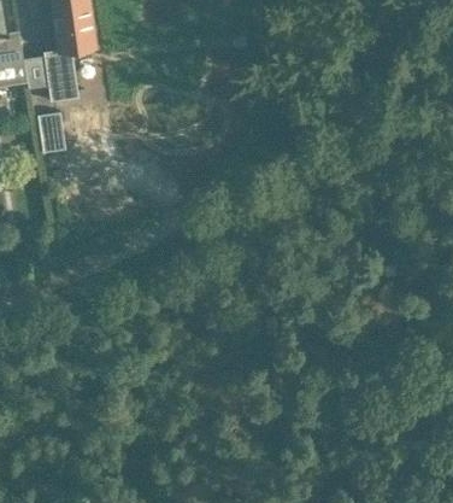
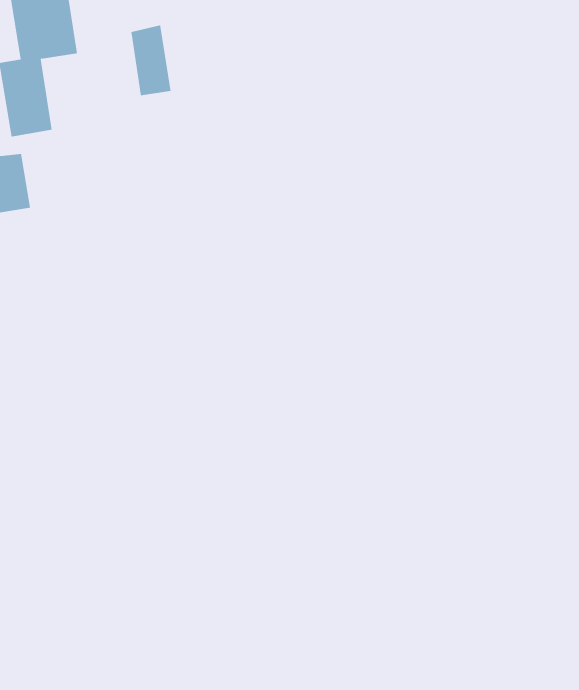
building: none -> [131,25,171,96]

